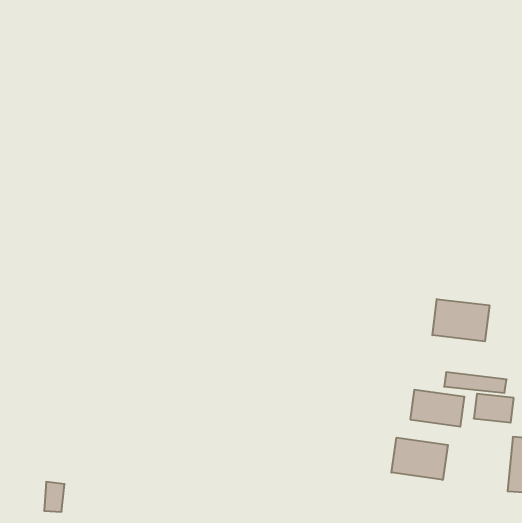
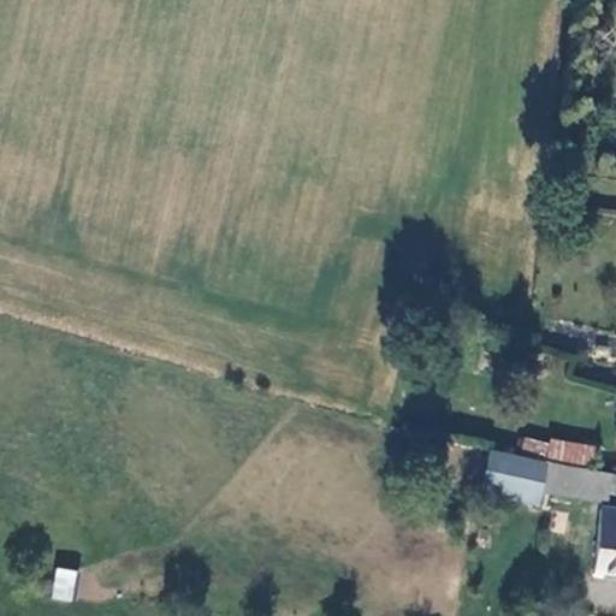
building: [432,299,489,341] -> none
building: [391,438,448,480] -> none

